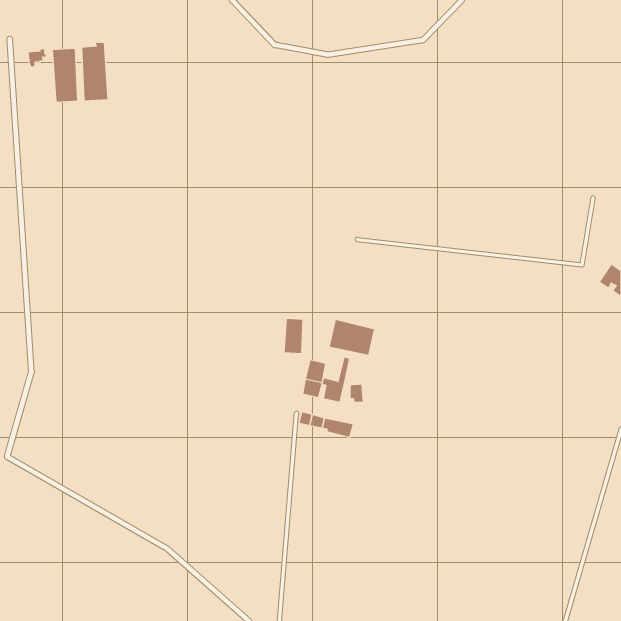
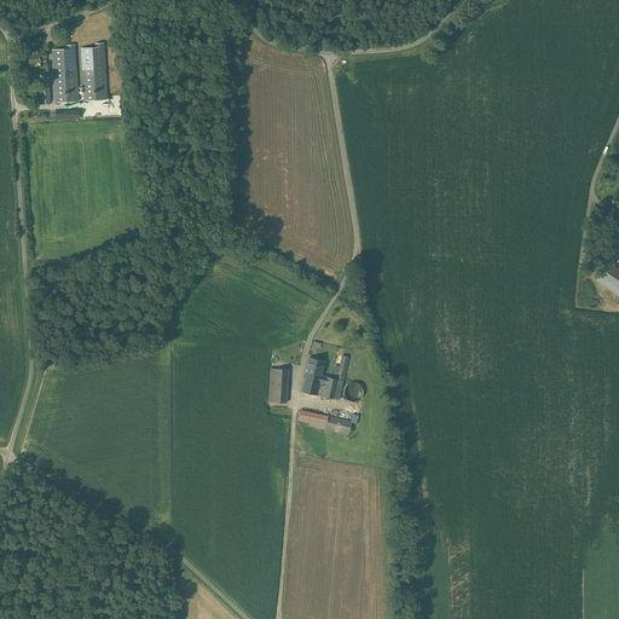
building: [284,318,303,354] -> [268,368,288,403]
building: [329,319,374,356] -> none

